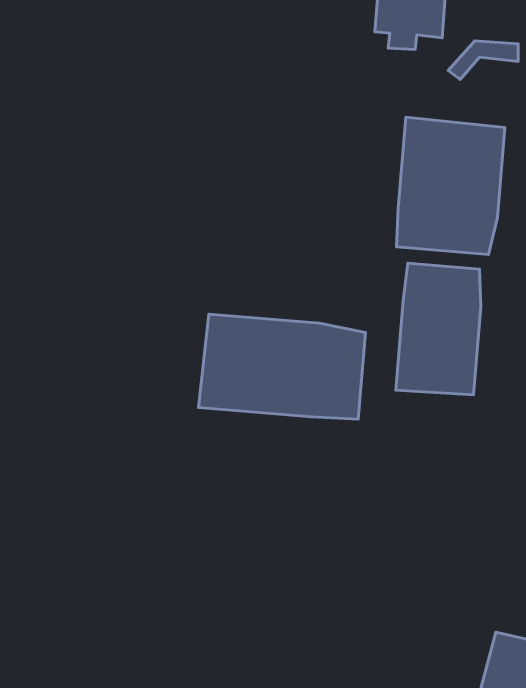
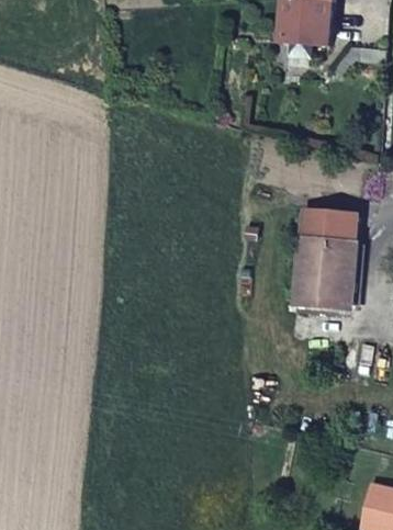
building: [397,117,505,254] -> none
building: [199,314,365,419] -> none

